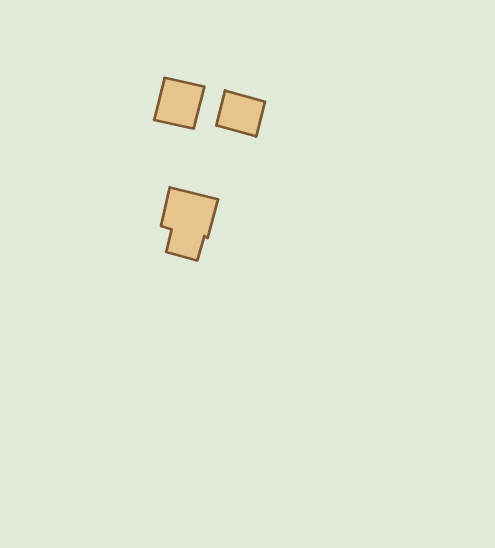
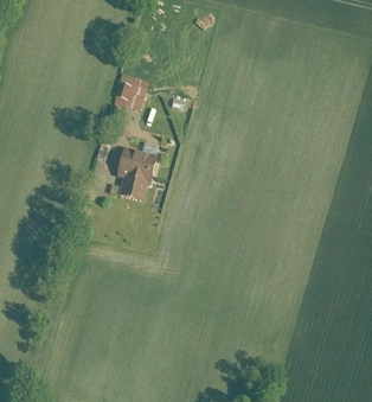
building: [216,90,265,137] -> none

